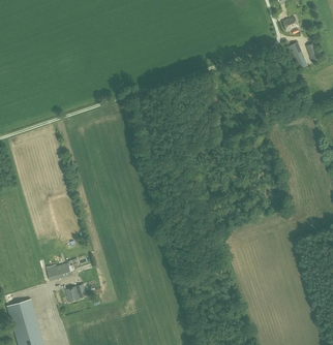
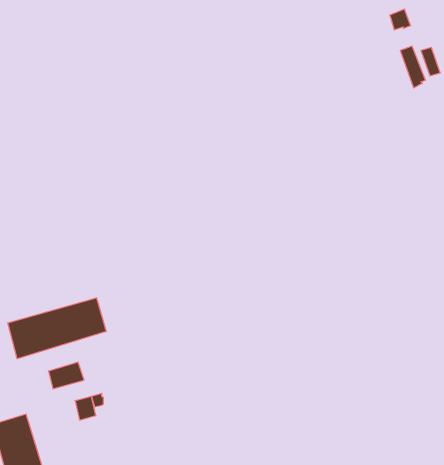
building: none -> [8,298,106,359]

